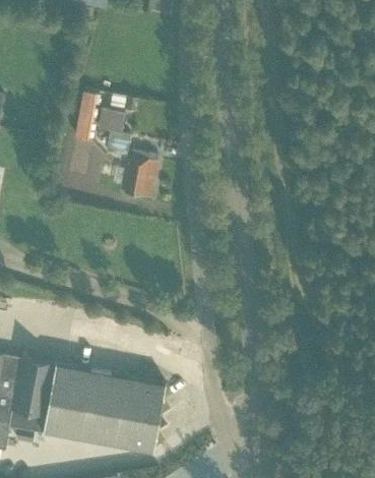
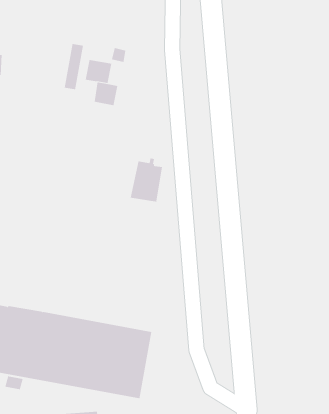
building: [124,155,158,200] -> [130,158,163,203]

